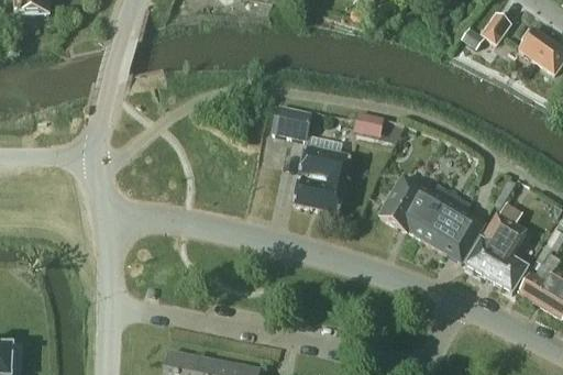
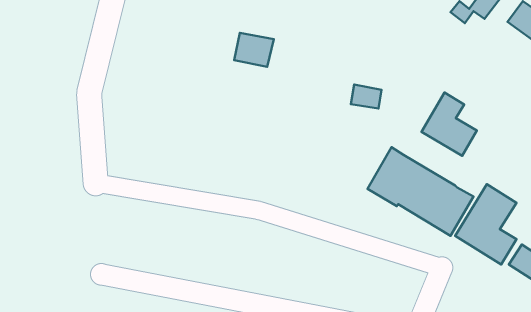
building: [272,107,311,141] -> [234,33,274,67]
building: none -> [422,93,477,156]
building: [291,147,350,213] -> none

